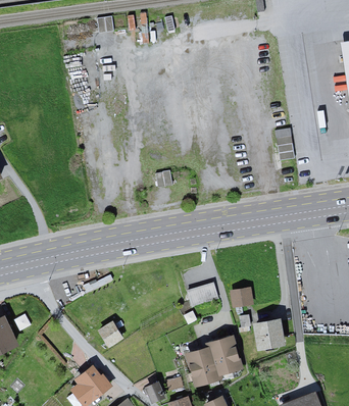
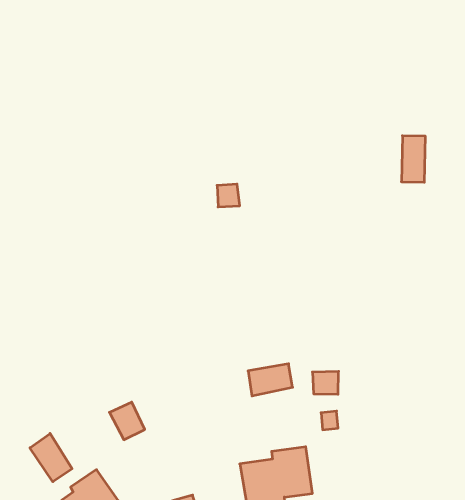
building: [253,318,283,348] -> none
building: none -> [30,433,72,482]

